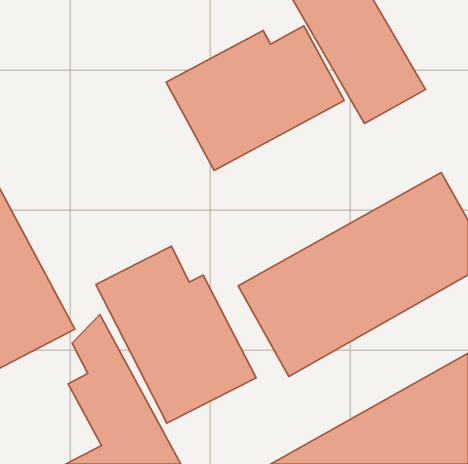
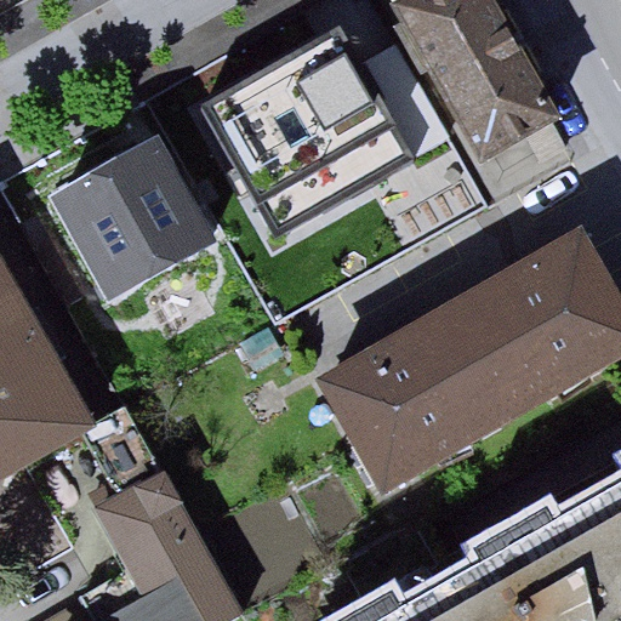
building: none -> [47,137,222,314]
building: [96,246,256,423] -> none

